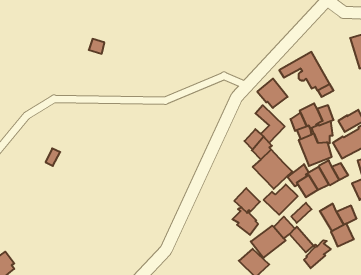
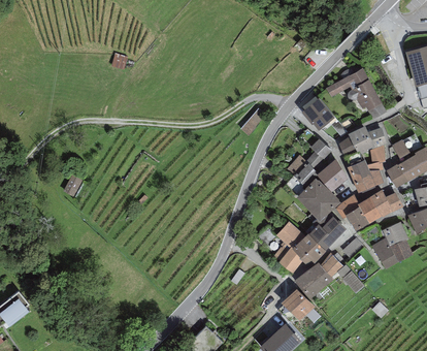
building: none -> [315,158,348,192]
building: none -> [292,232,326,264]
building: [331,223,354,246] -> [383,221,408,247]
building: [304,240,331,268] -> none

